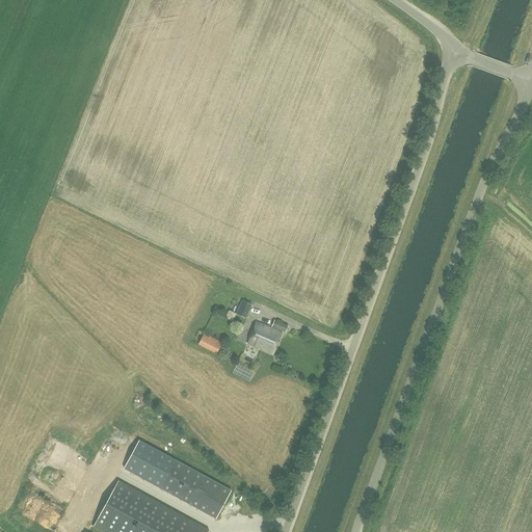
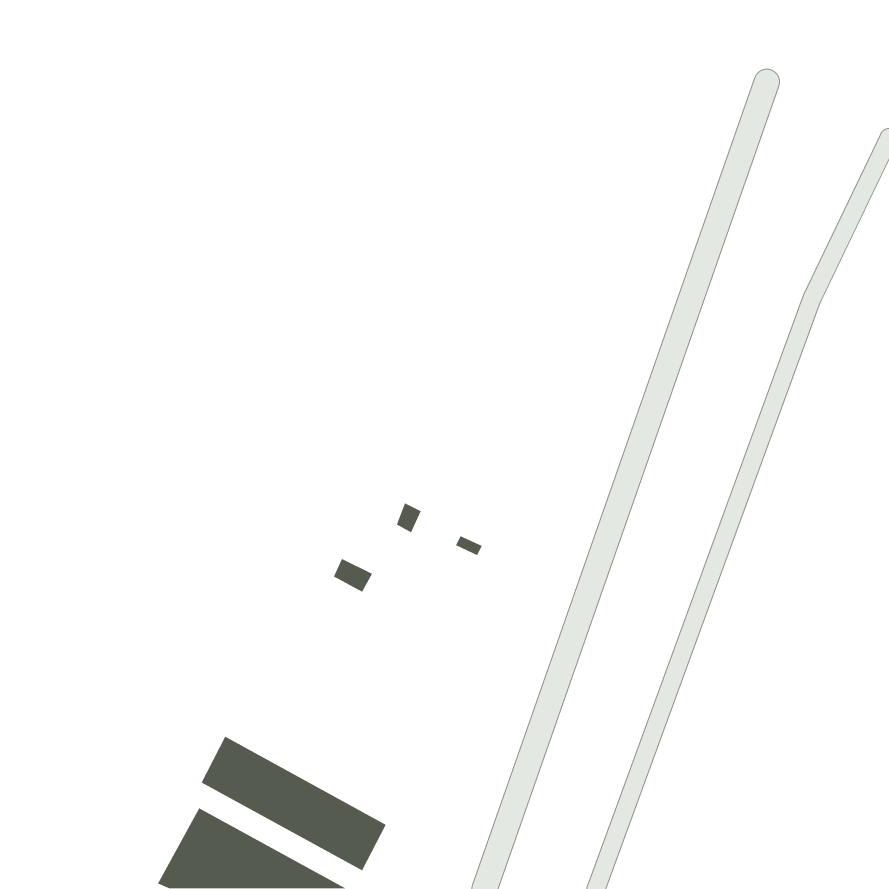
building: [248,322,283,353] -> none

